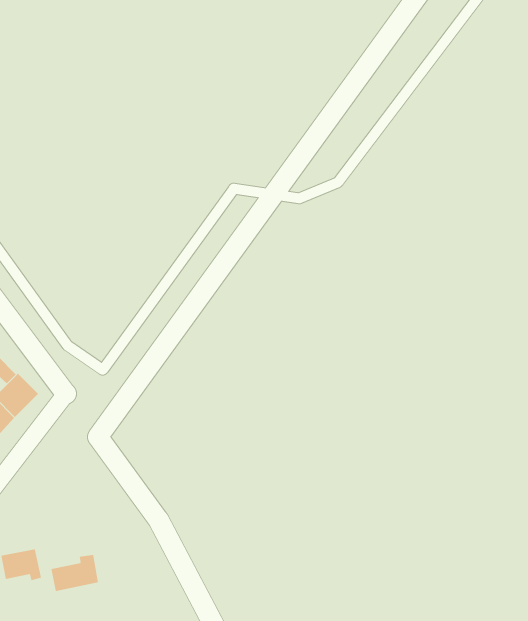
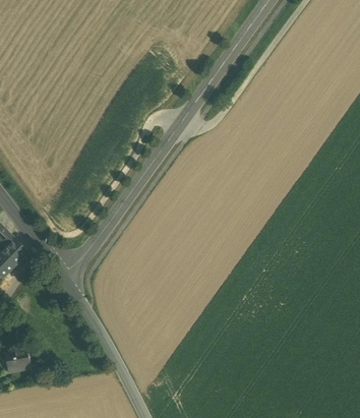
building: [51,554,98,592] -> none

